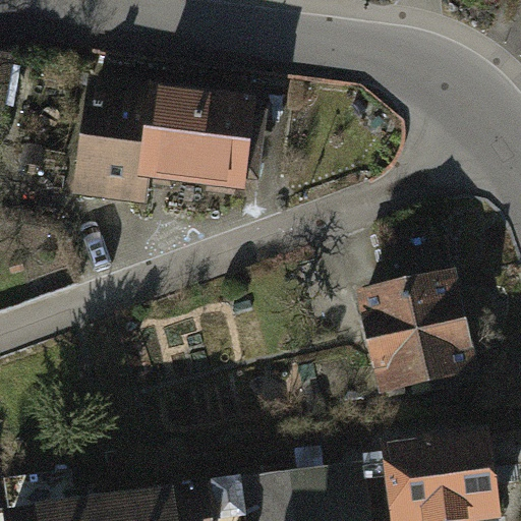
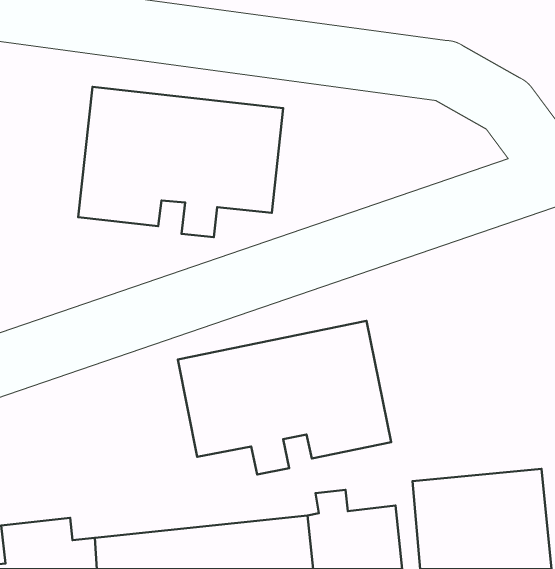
building: [354,272,478,396] -> none
building: none -> [178,321,391,474]

